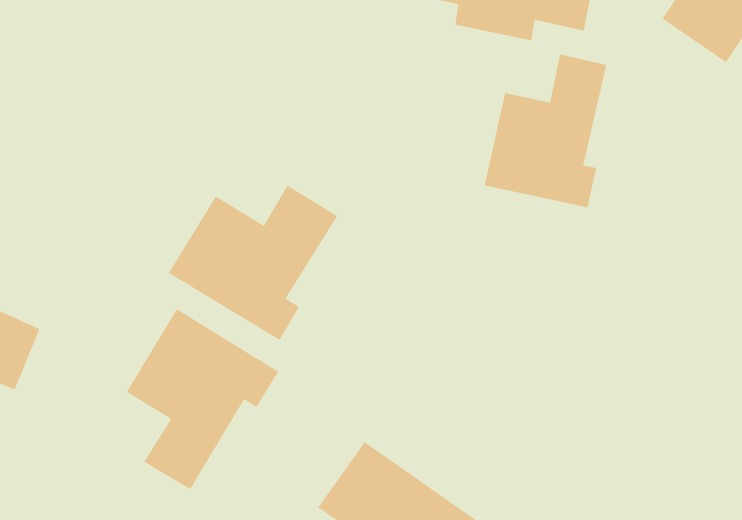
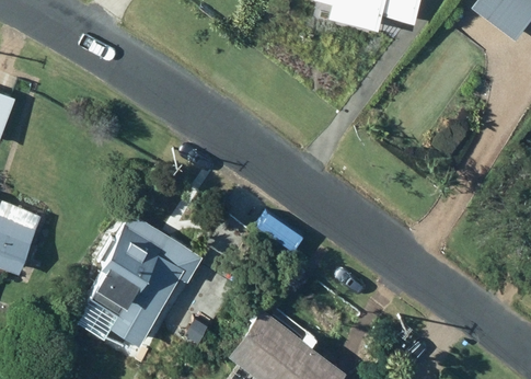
building: [484,54,607,208] -> none
building: [168,184,338,341] -> none

